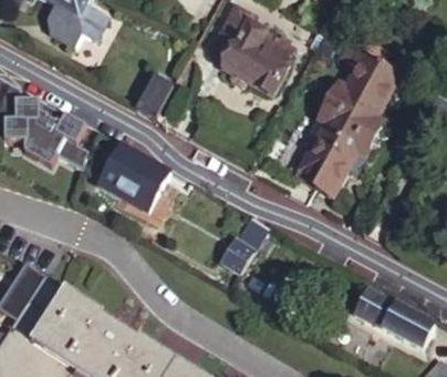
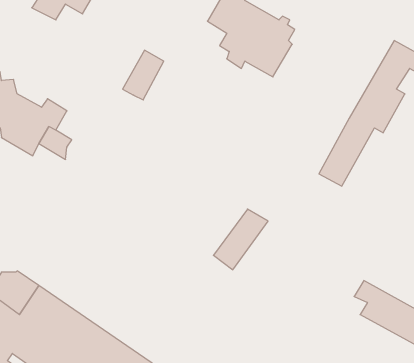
building: [299,42,385,184] -> none
building: [110,151,181,218] -> none

